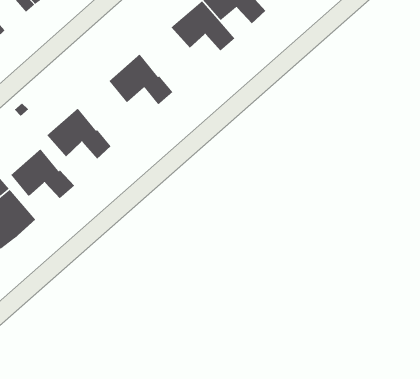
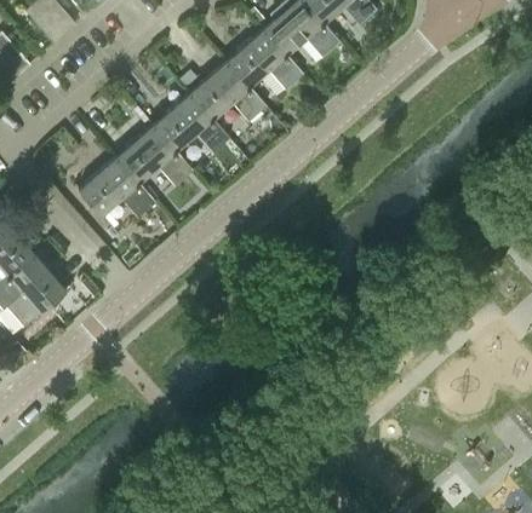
building: none -> [189,60,265,121]
building: [10,148,75,199] -> [115,125,193,185]

